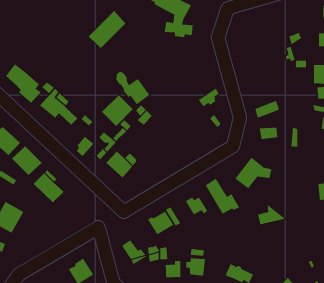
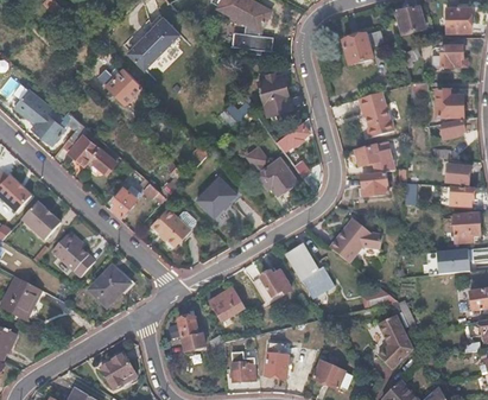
building: none -> [397,8,425,36]
building: none -> [343,32,384,65]
building: none -> [104,66,141,103]
building: none -> [256,75,292,116]
building: none -> [360,93,395,138]
building: [115,71,150,105] -> [248,147,296,193]
building: [101,94,134,127] -> [198,174,242,218]
building: none -> [89,266,129,307]
building: none -> [379,315,413,368]

